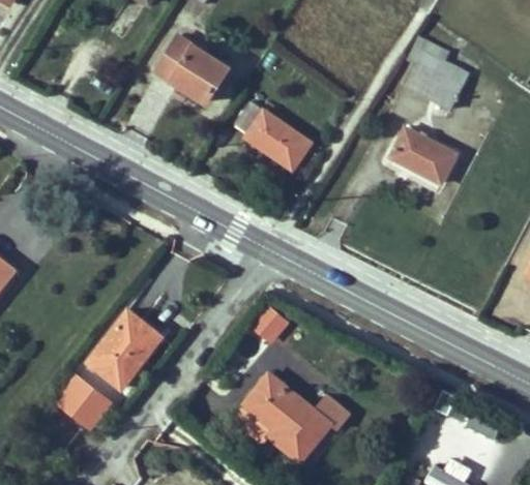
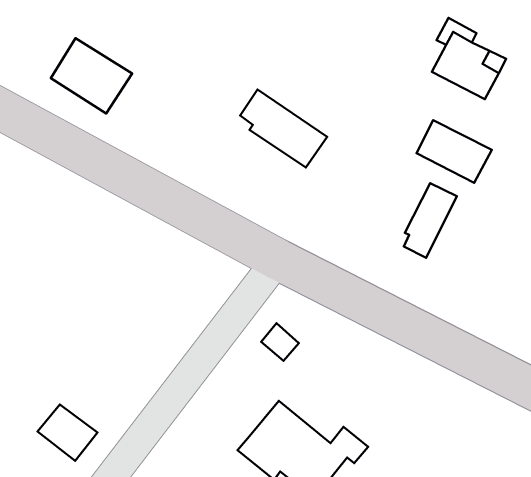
building: [156,36,228,102] -> [51,38,132,113]
building: none -> [404,183,457,258]
building: [88,310,158,387] -> none

